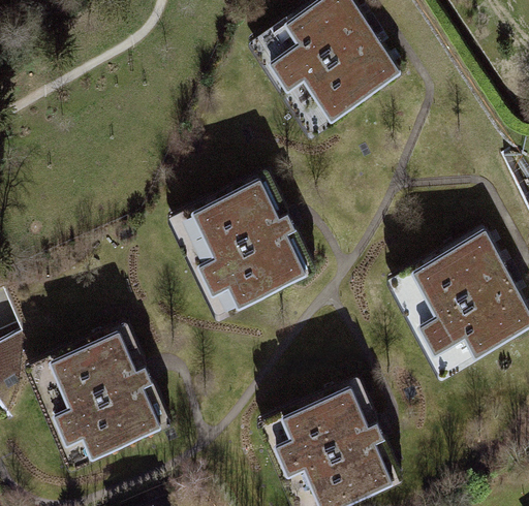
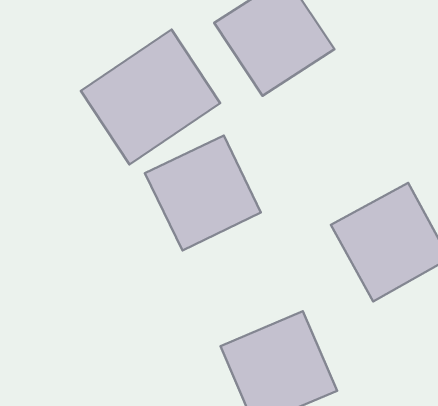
building: none -> [81,30,220,164]
building: [34,329,169,464] -> none

